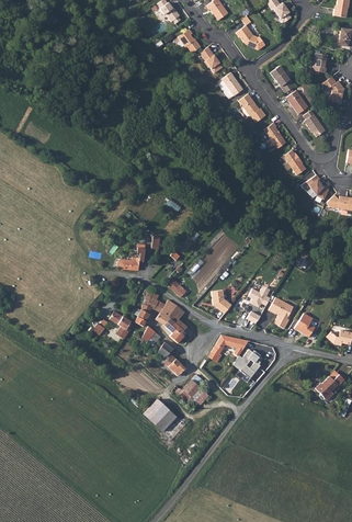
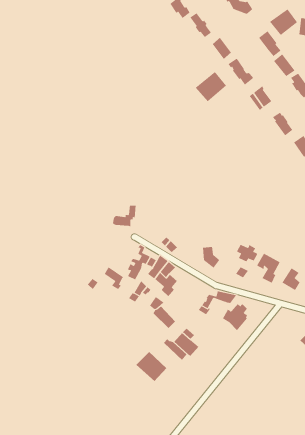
building: none -> [269,8,298,36]
building: none -> [195,71,227,102]

